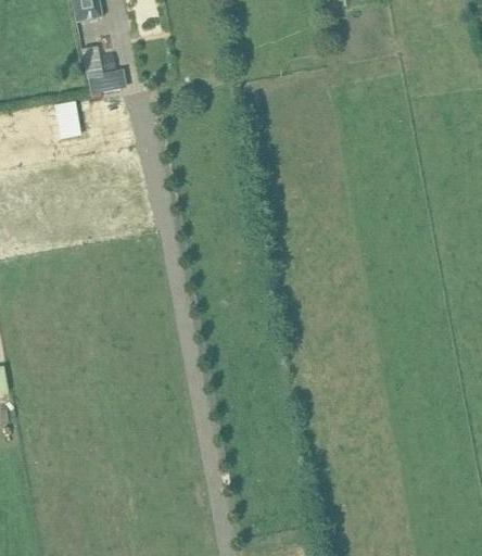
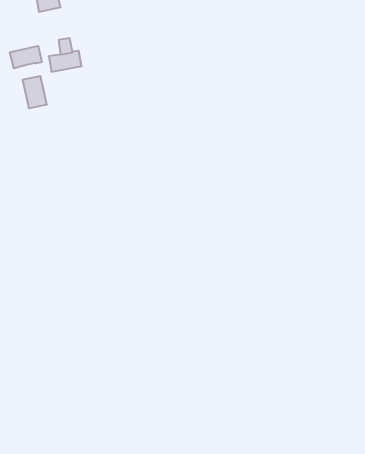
building: none -> [10,46,42,68]

